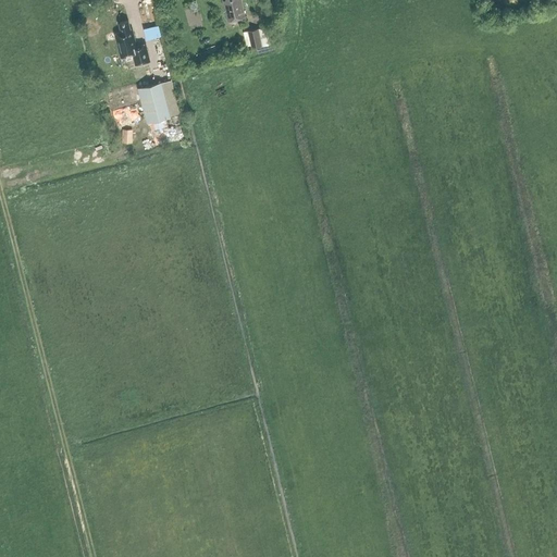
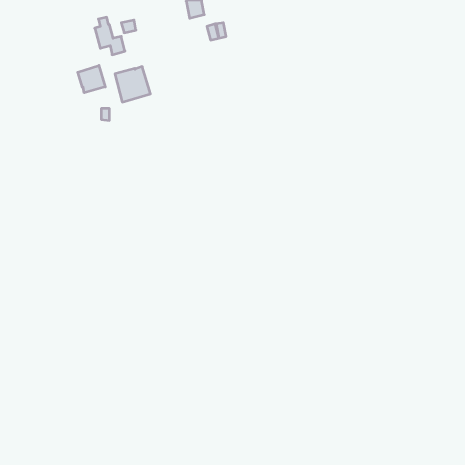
building: none -> [78,65,105,93]

